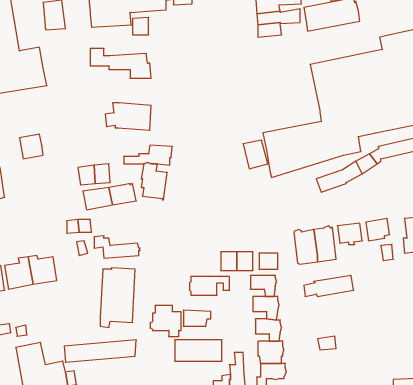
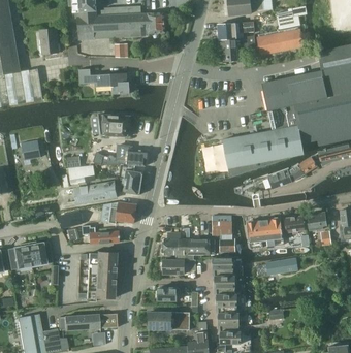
building: none -> [108,201,136,223]
building: none -> [212,216,232,239]
building: [150,306,181,337] -> [162,233,188,259]

